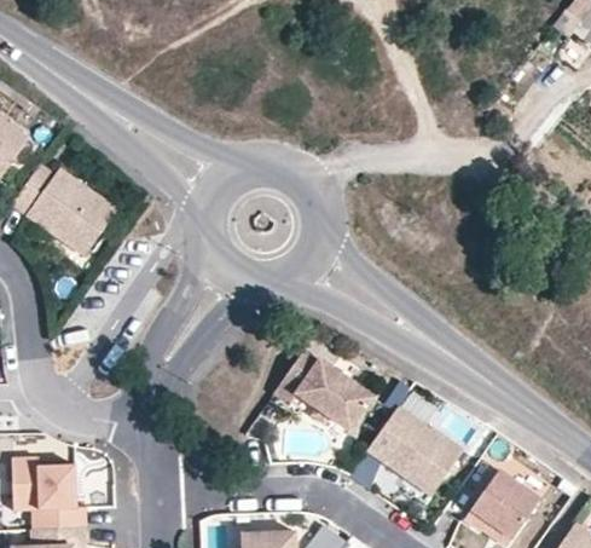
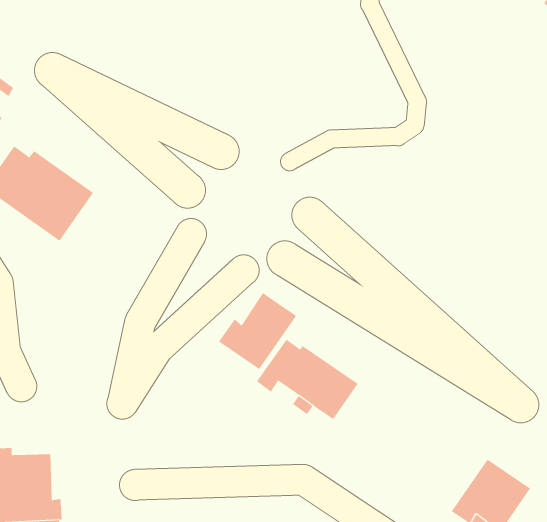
building: none -> [218,292,297,370]
building: [367,406,464,496] -> none

